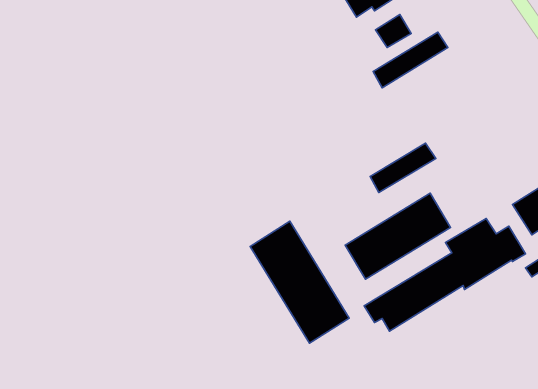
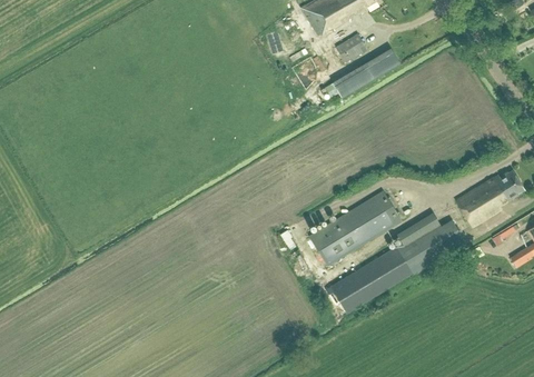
building: [370,143,436,192] -> none
building: [250,221,349,343] -> none

